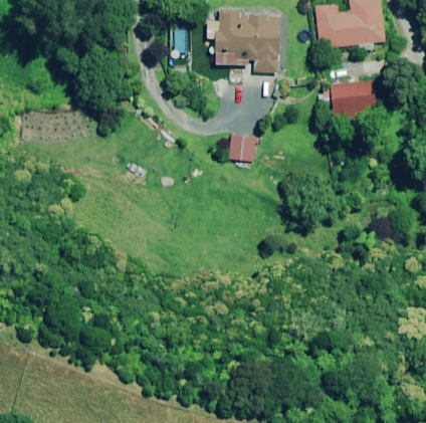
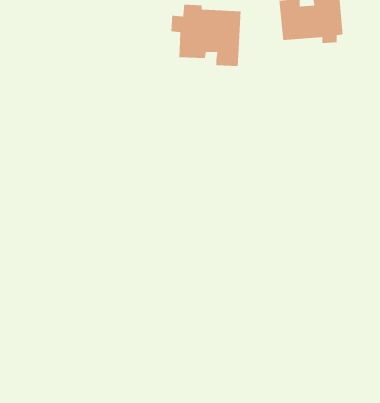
building: [322,80,377,120] -> none
building: [229,133,257,160] -> none

